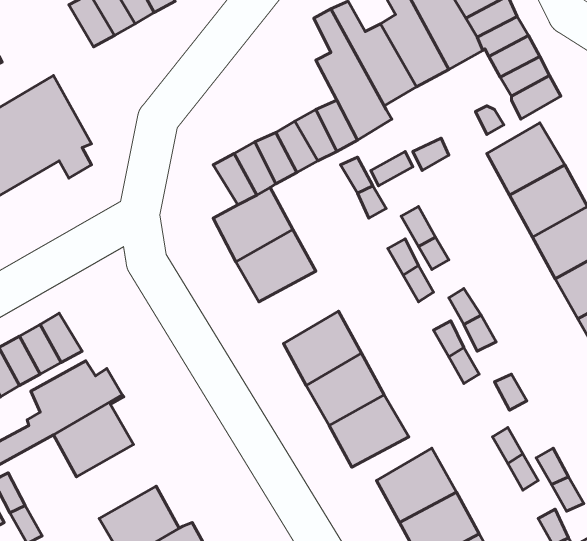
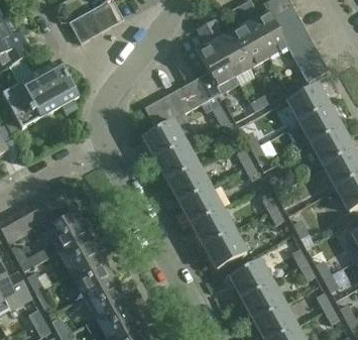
building: none -> [167,163,210,202]
building: none -> [71,255,113,295]

